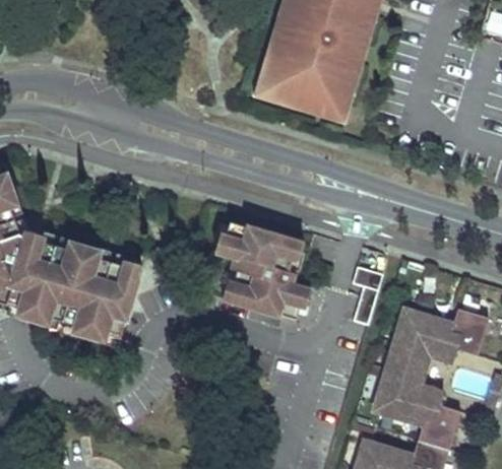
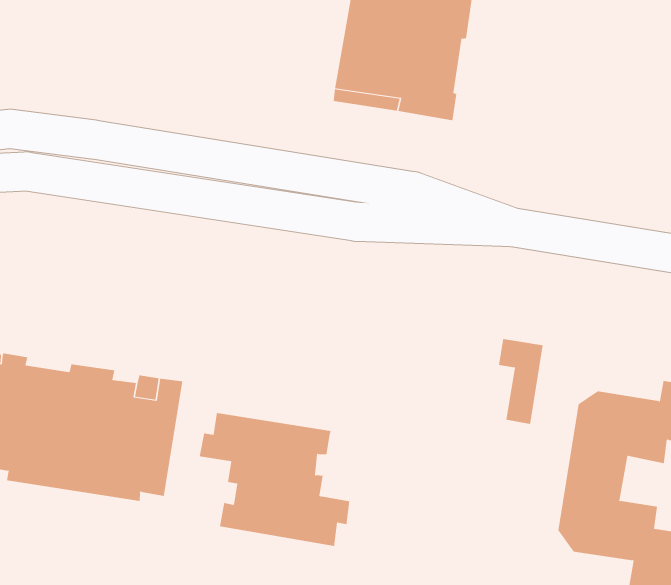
building: [213,221,309,320] -> [199,412,350,547]

